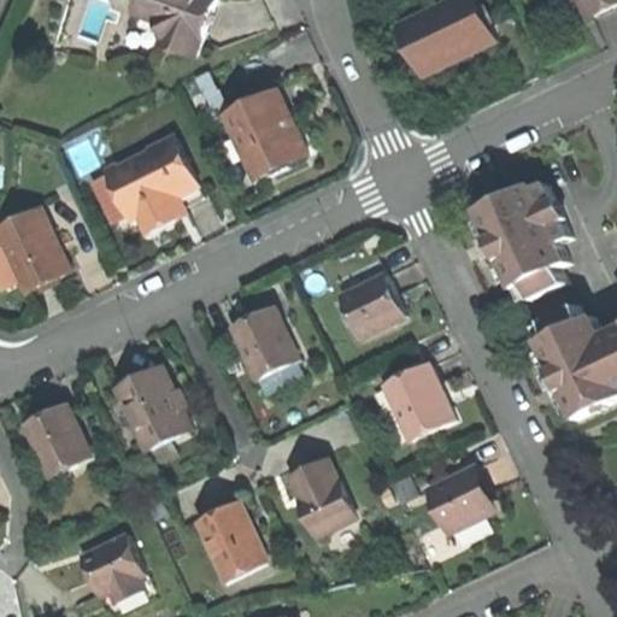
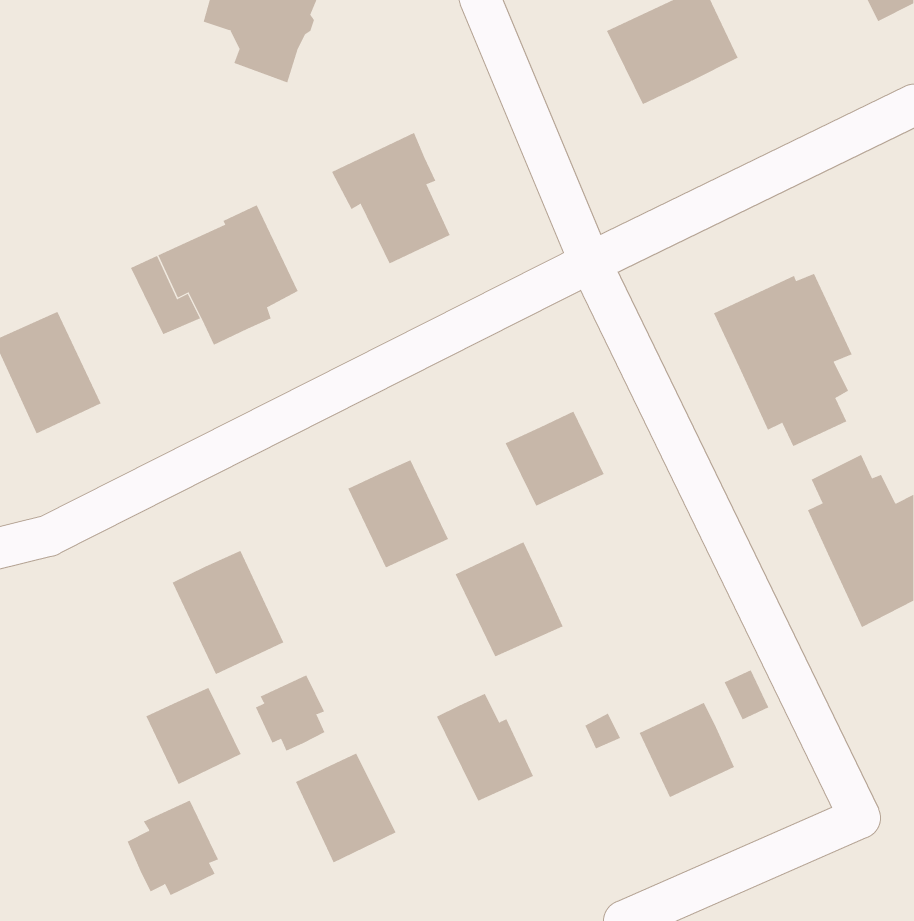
building: [382,362,454,439] -> [455,541,564,657]
building: [25,405,89,470] -> [146,687,241,785]
building: none -> [255,675,325,751]

